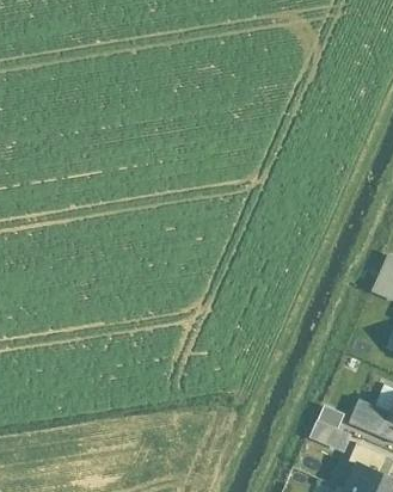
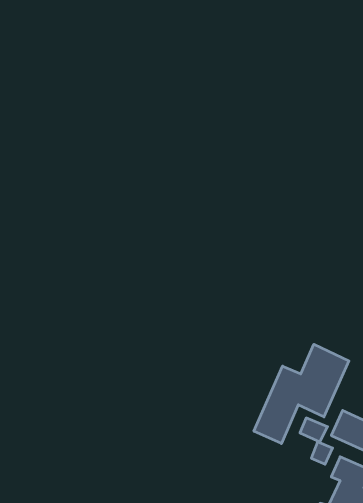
building: none -> [254,344,349,444]

